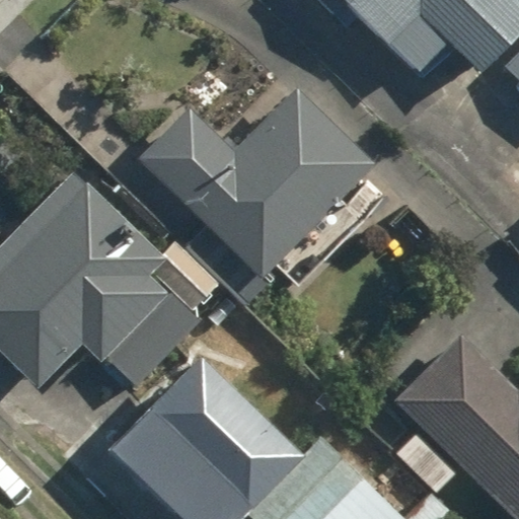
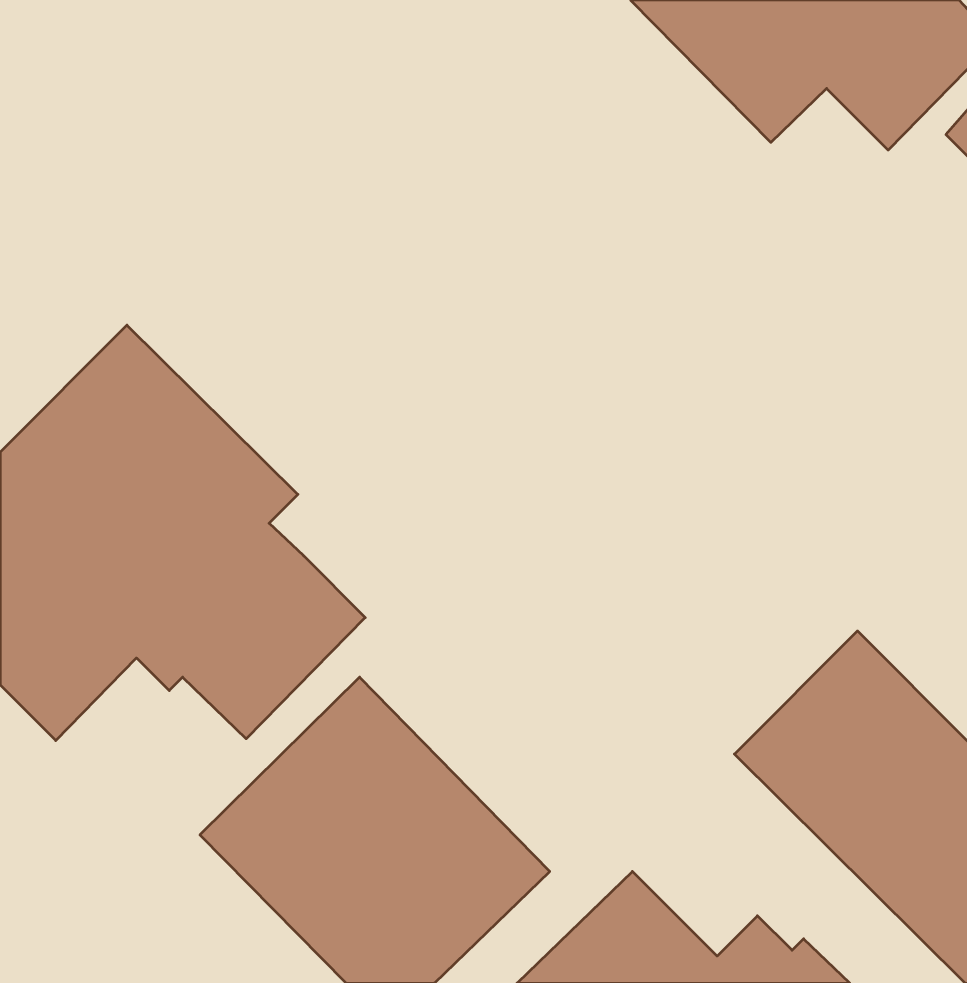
building: [143,89,371,276] -> none

